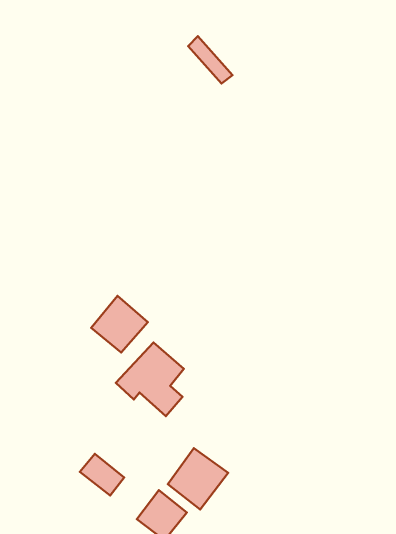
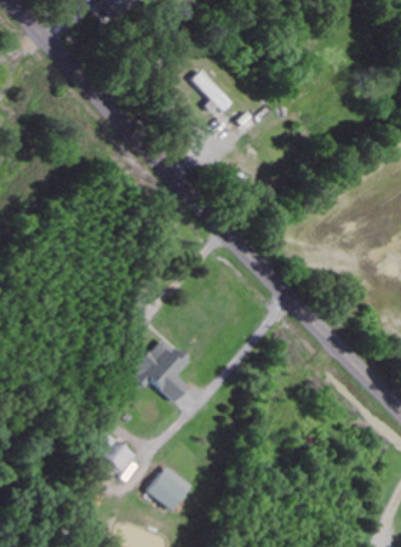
building: [91,296,148,353] -> none
building: [168,448,228,509] -> none

